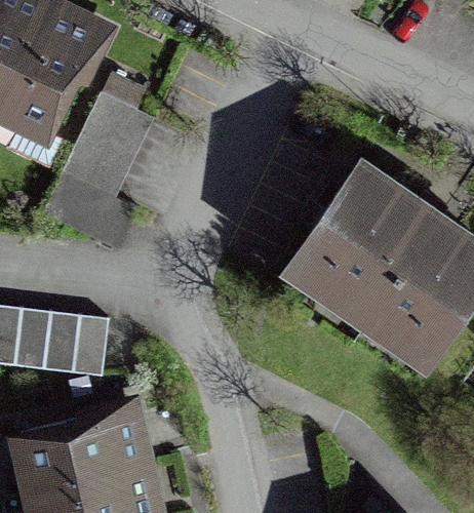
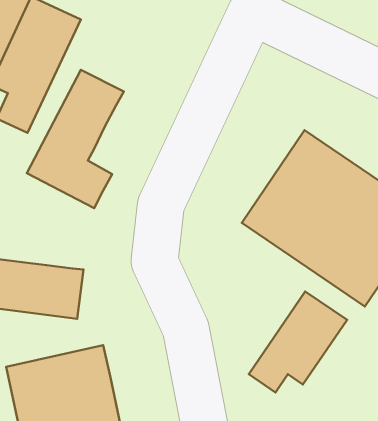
building: none -> [249,291,347,392]

